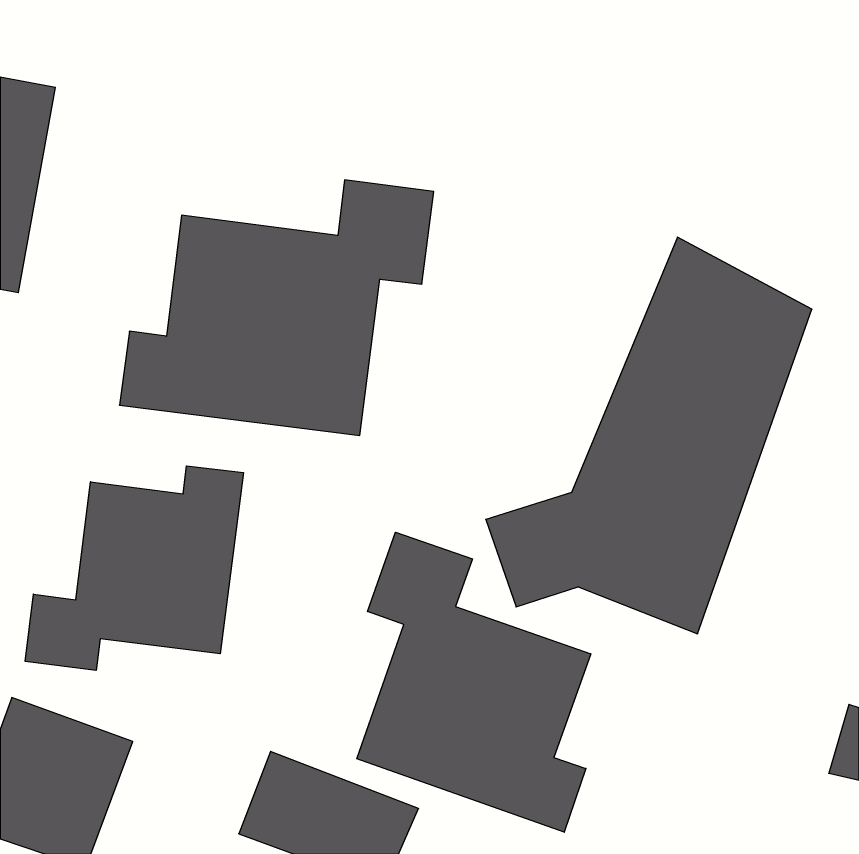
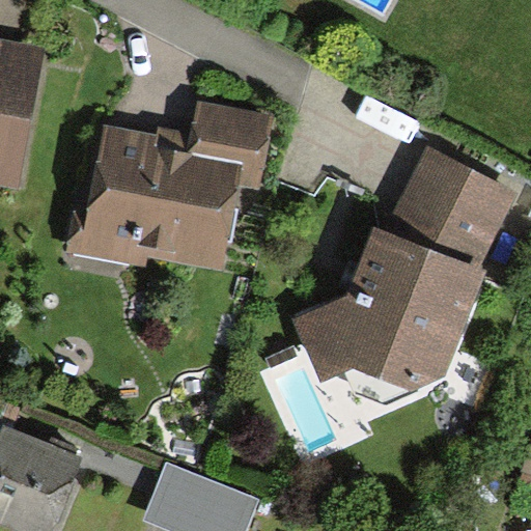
building: [25,466,243,670] -> none
building: [357,532,591,832] -> none

